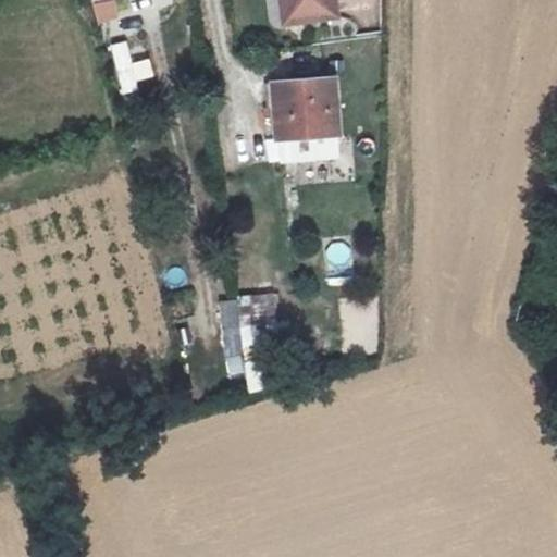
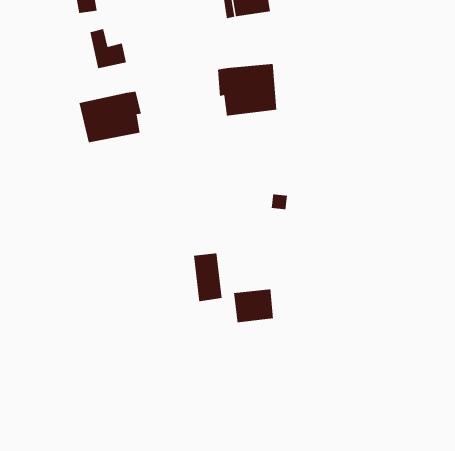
building: none -> [79,91,142,143]
building: none -> [234,288,274,323]

